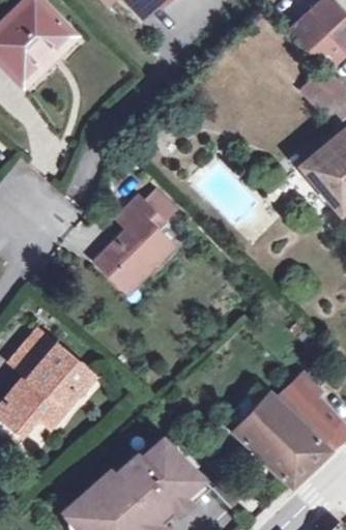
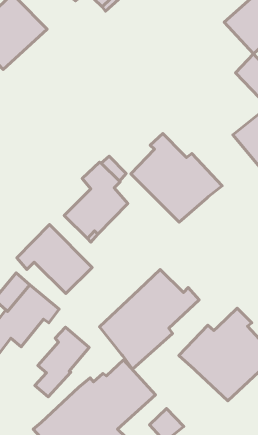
building: none -> [131,133,222,222]
building: none -> [17,224,92,293]
building: none -> [100,270,199,369]
building: none -> [35,327,89,397]

